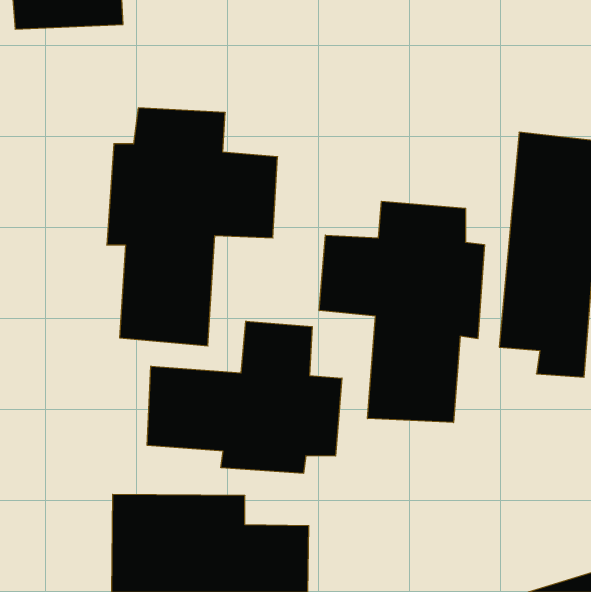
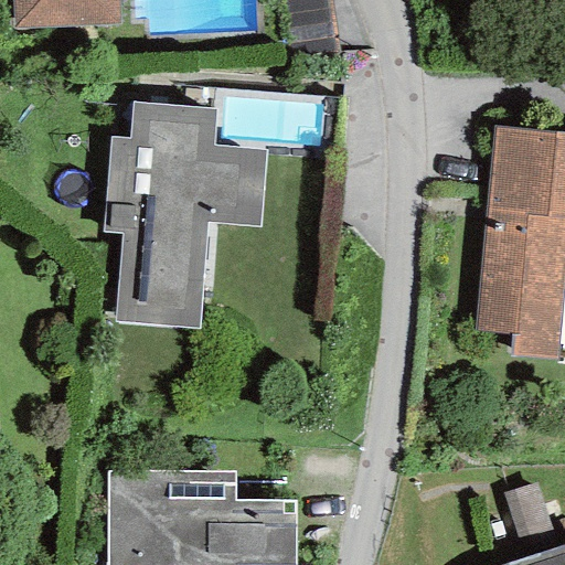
building: [319,201,484,423] -> none
building: [147,321,342,473] -> none

